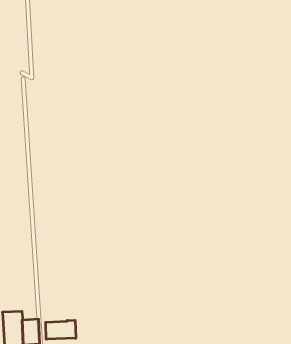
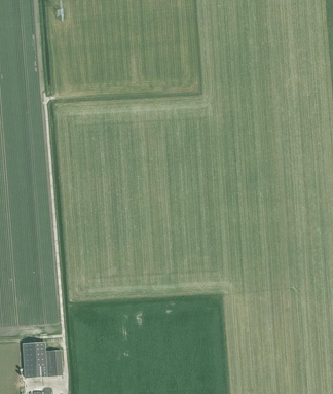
building: [46,320,76,339] -> none

